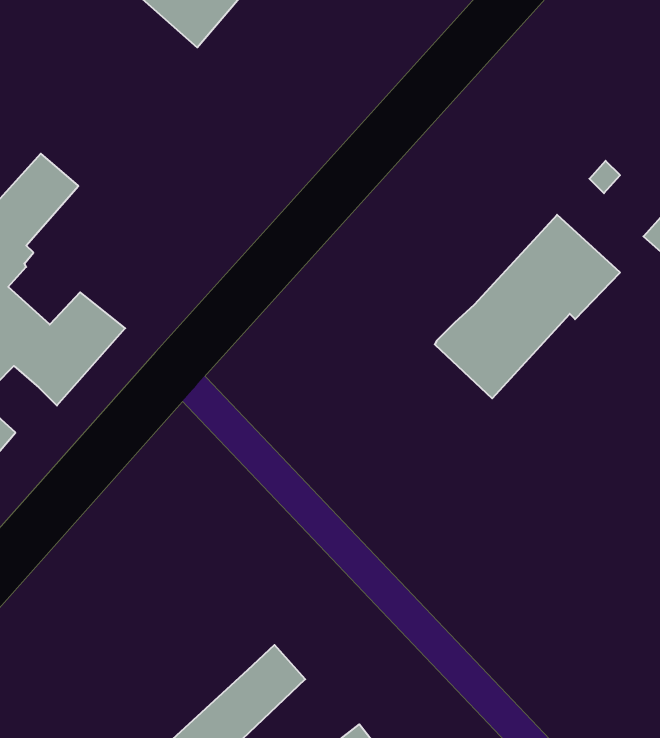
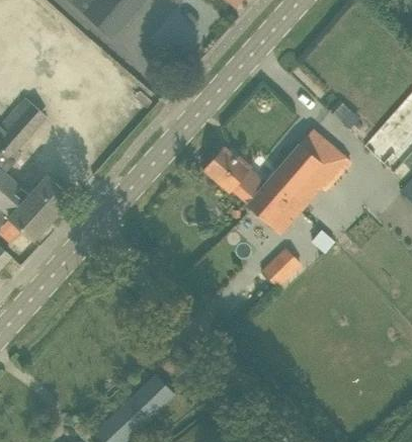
building: none -> [205,148,268,203]
building: none -> [262,248,301,285]

